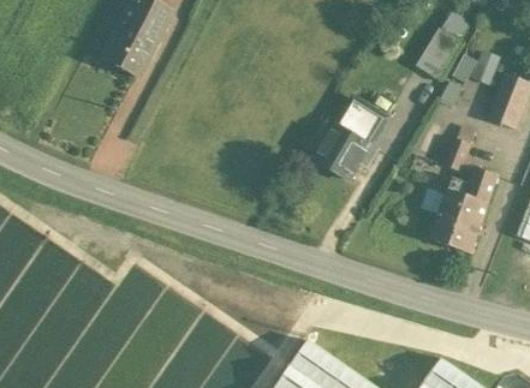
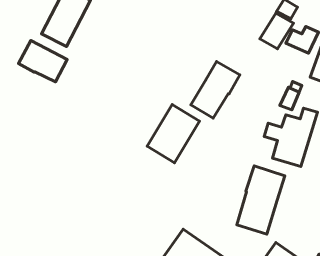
building: none -> [18,41,67,82]
building: none -> [147,104,199,163]
building: none -> [237,166,285,234]

